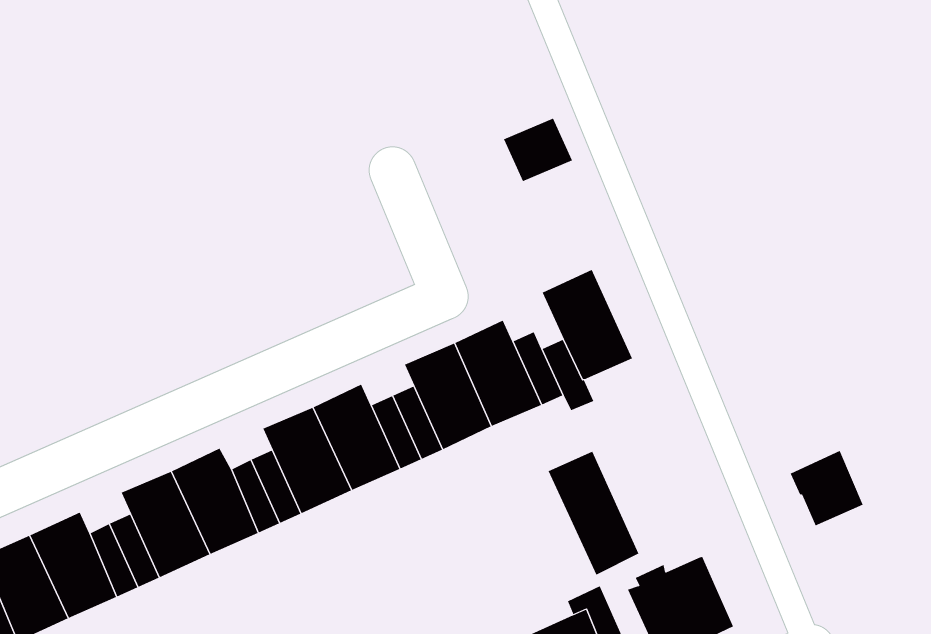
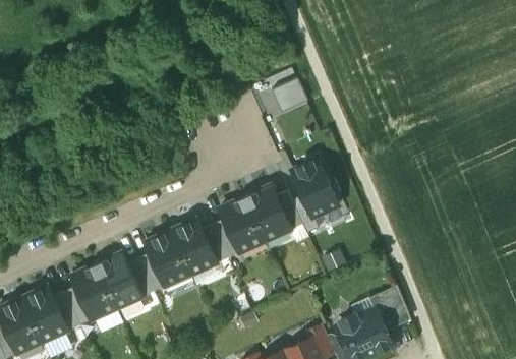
building: [790,450,864,526] -> [369,286,408,325]
building: [548,451,639,576] -> none

